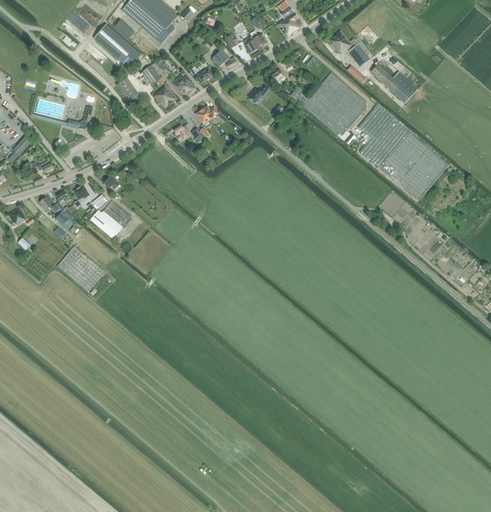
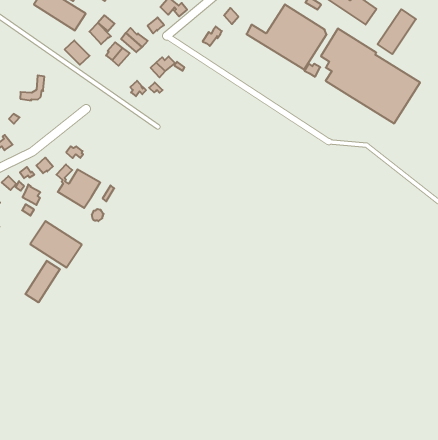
building: none -> [378,9,416,54]
building: none -> [25,261,60,302]

